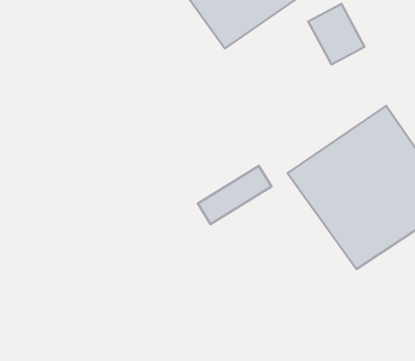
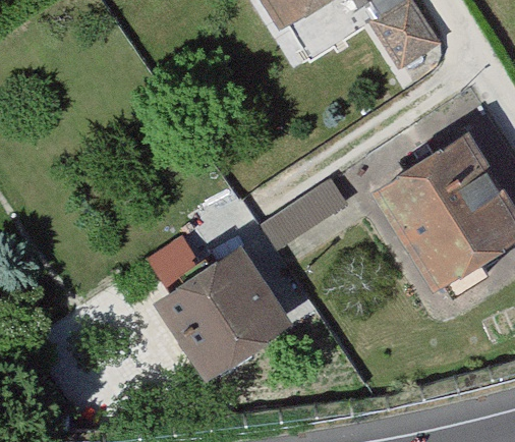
building: none -> [151,233,300,381]

